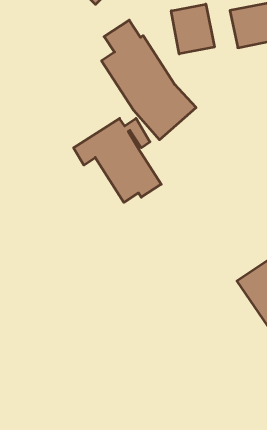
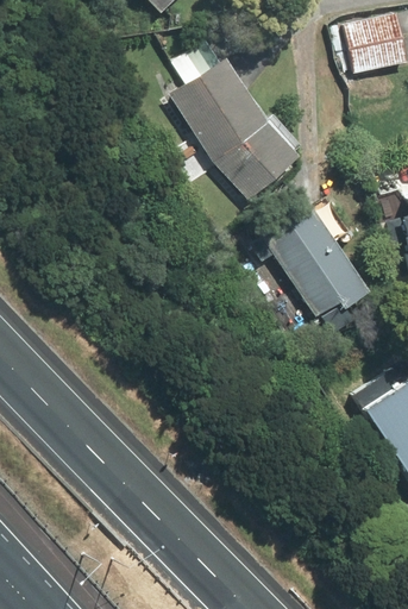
building: [171,4,214,54] -> none
building: [74,118,161,202] -> [247,201,368,316]

